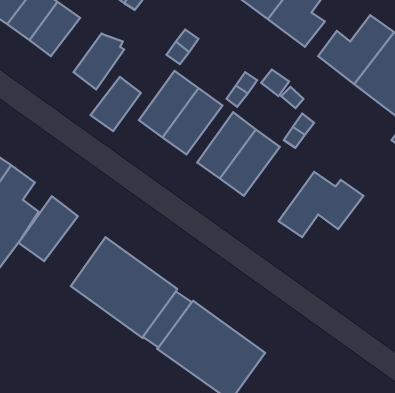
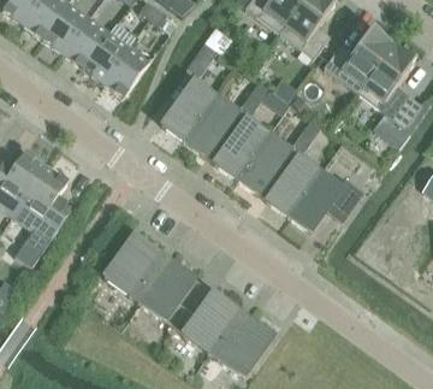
building: [90,77,141,131] -> [82,30,127,79]
building: none -> [266,154,320,214]
building: [19,196,78,261] -> none

